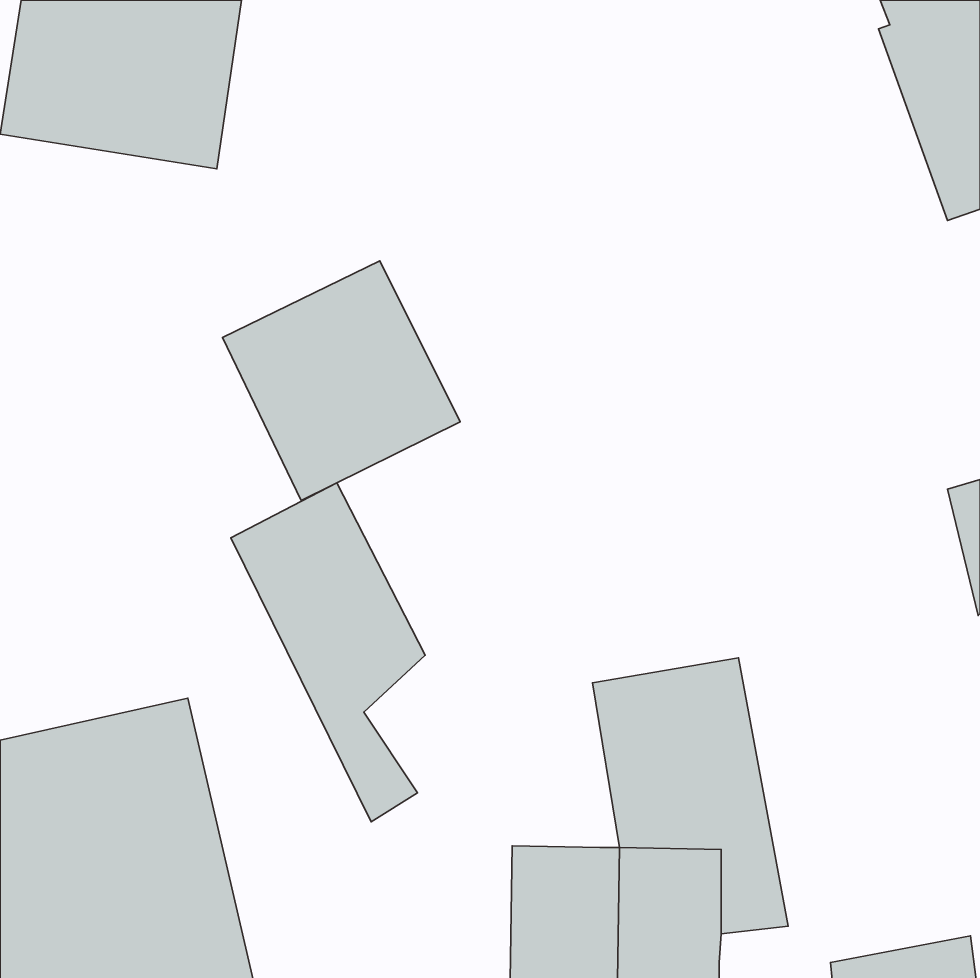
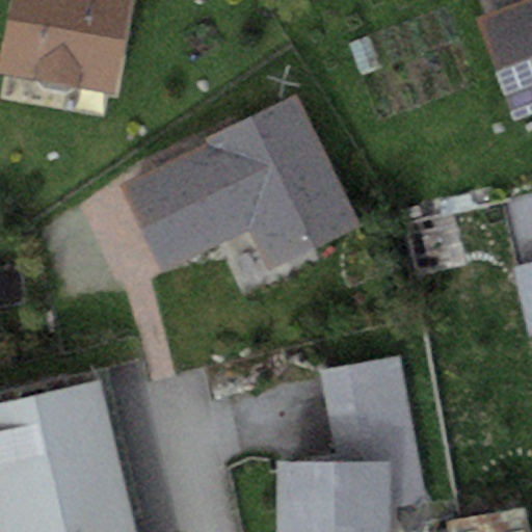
building: none -> [205,92,363,269]
building: [231,483,425,822] -> none

